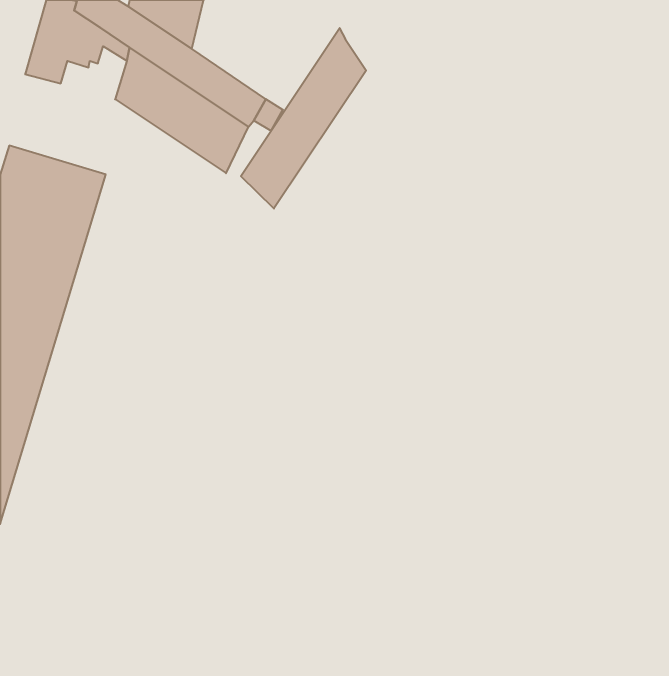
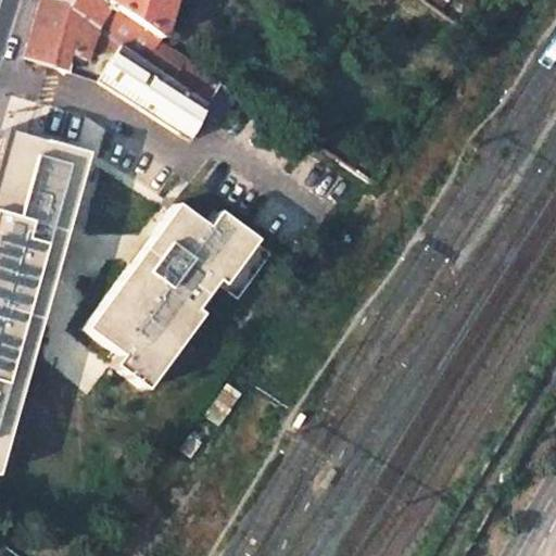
building: [241,28,366,209] -> none
building: none -> [88,212,256,393]

